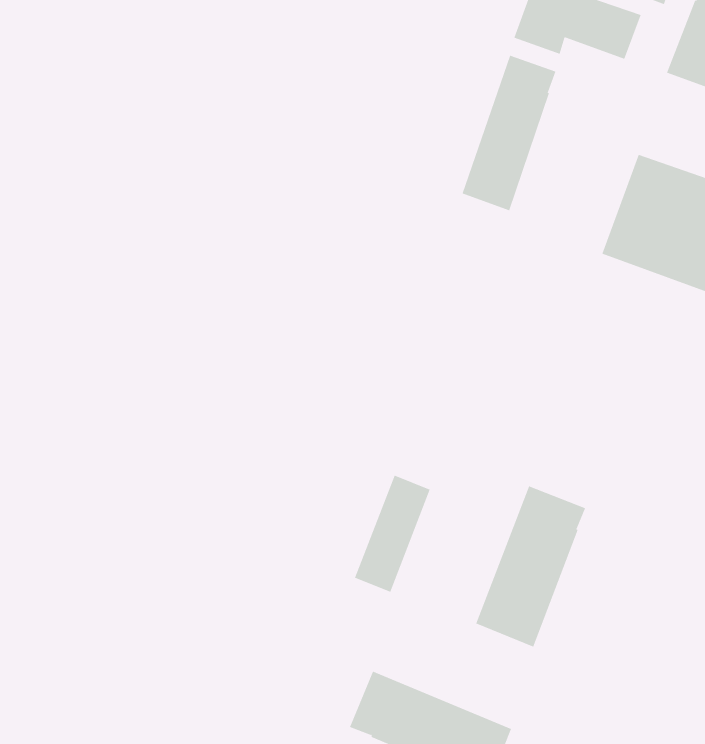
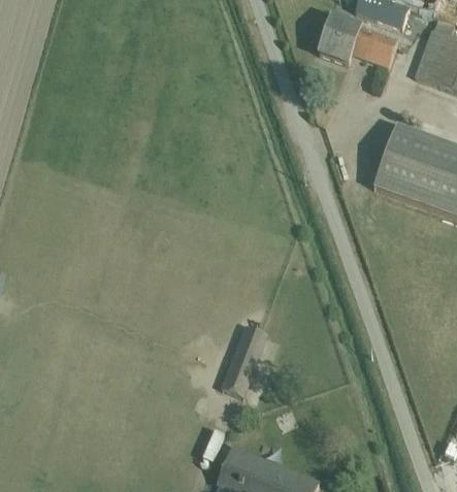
building: [462,55,556,211] -> none
building: [475,486,586,647] -> none

